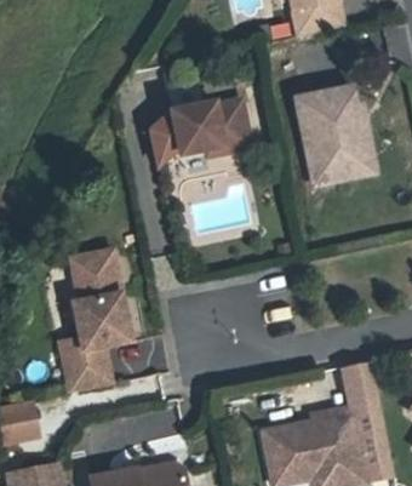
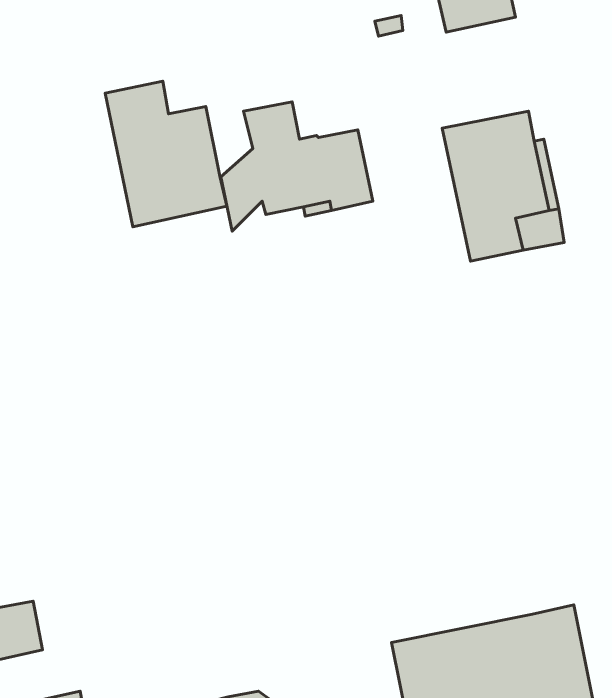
building: none -> [105,81,227,227]
building: [59,248,130,391] -> none
building: [344,362,379,411] -> none

